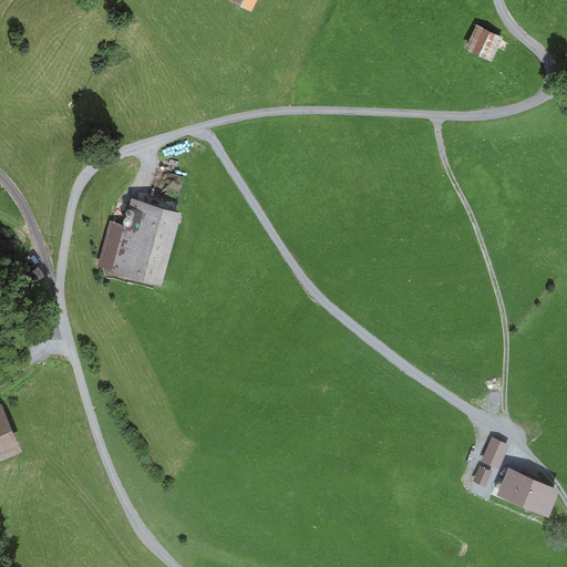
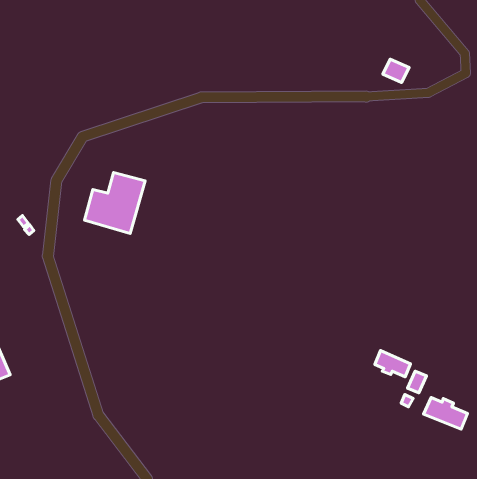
building: [466,27,497,54] -> [383,59,409,83]
building: none -> [375,350,411,377]

